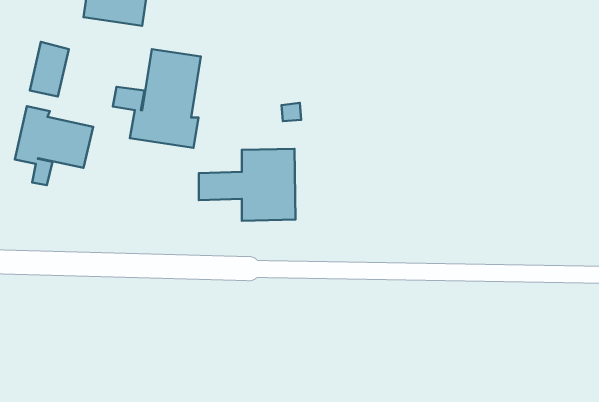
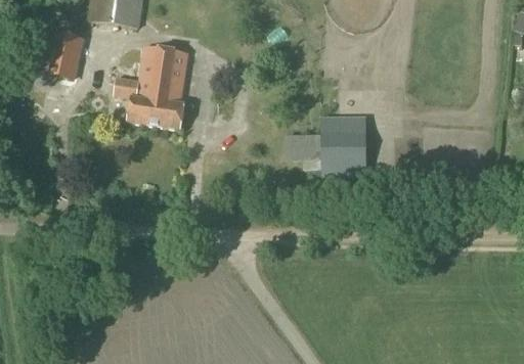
building: [15,106,93,185] -> none
building: [199,149,296,221] -> [288,116,368,176]

